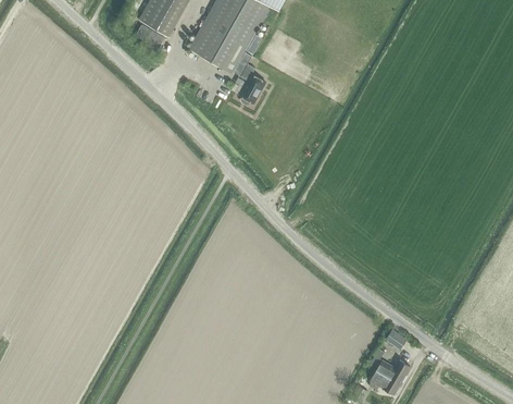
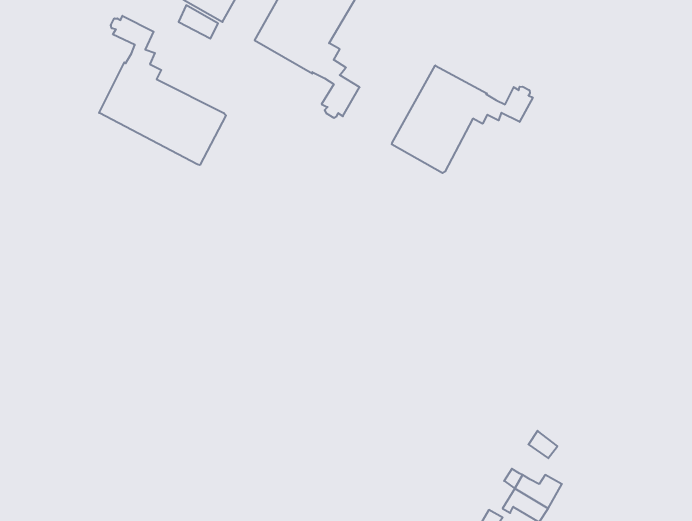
building: none -> [99,16,226,165]
building: none -> [392,65,533,173]

